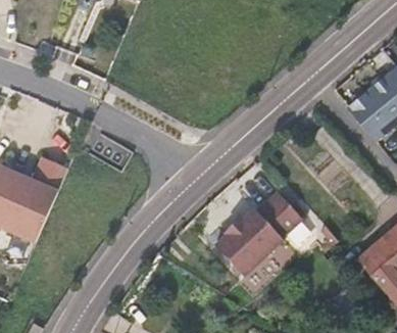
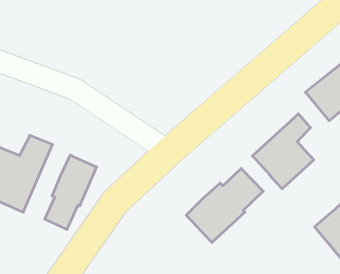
building: none -> [252,114,314,189]
building: none -> [45,155,97,230]

